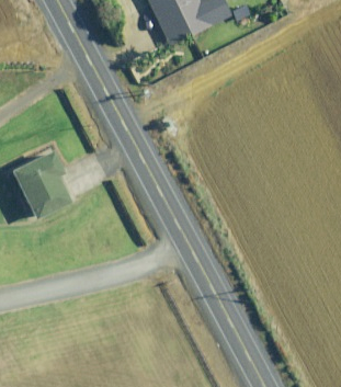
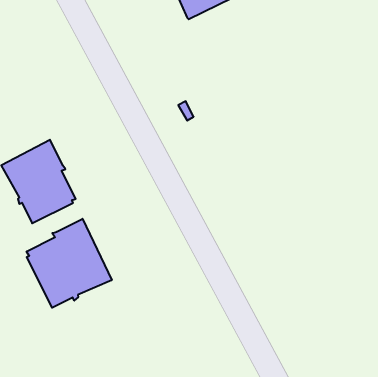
building: none -> [27,219,112,308]

